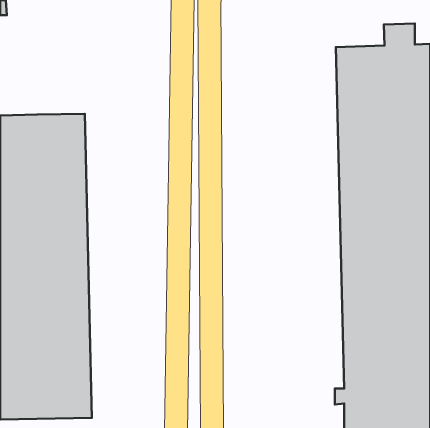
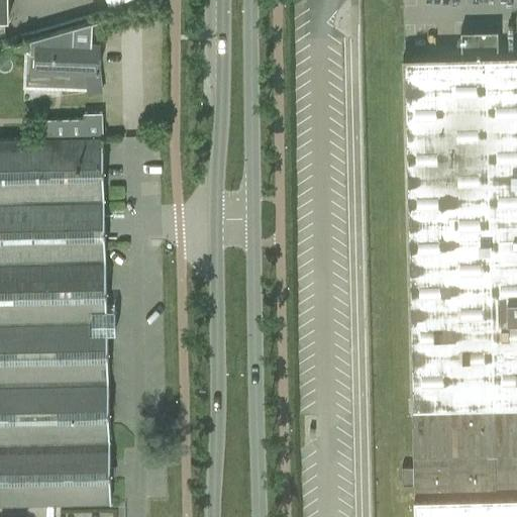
building: none -> [22,24,101,97]
building: none -> [44,115,102,140]

